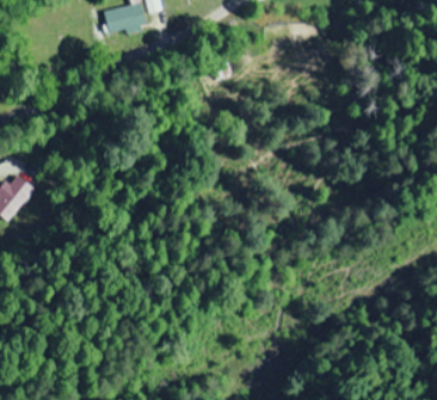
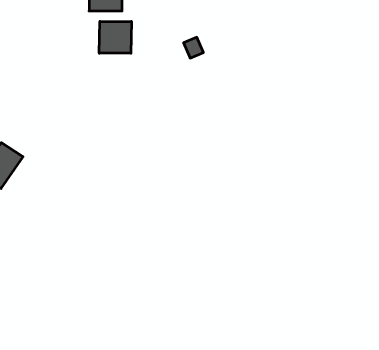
building: none -> [99,21,131,53]

